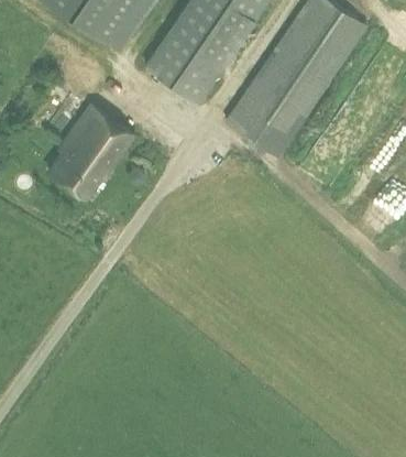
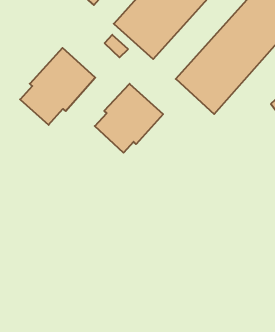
building: none -> [95,84,163,153]

